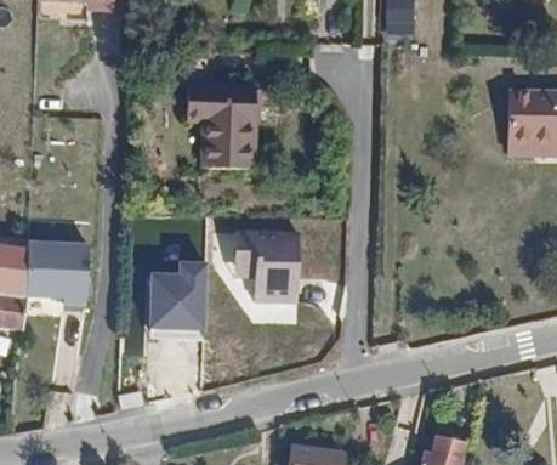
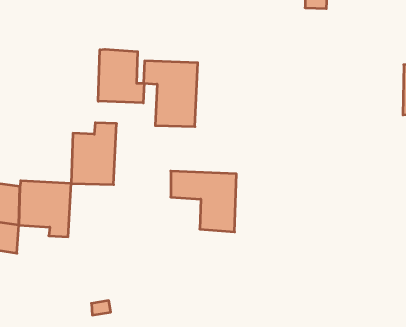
building: none -> [98,49,144,103]
building: [152,263,209,341] -> [71,123,117,185]

